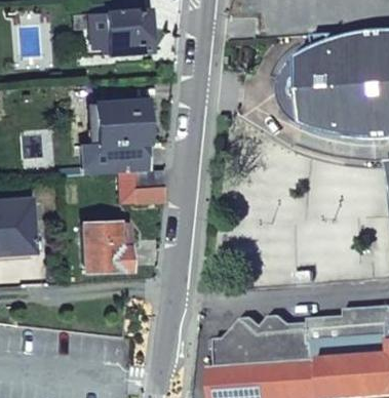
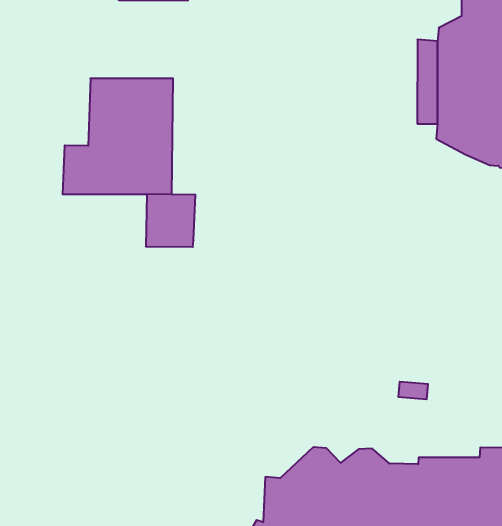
building: [82,223,130,272] -> none

